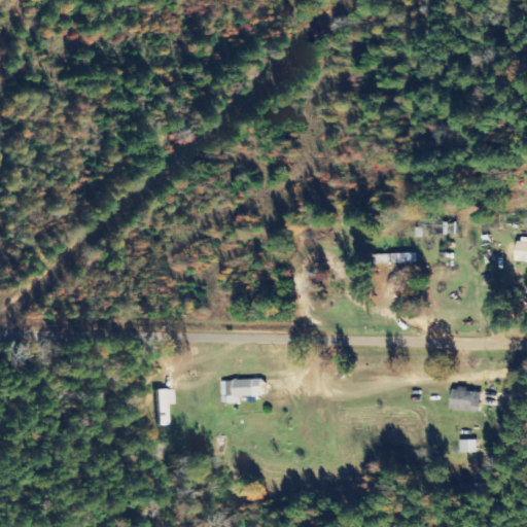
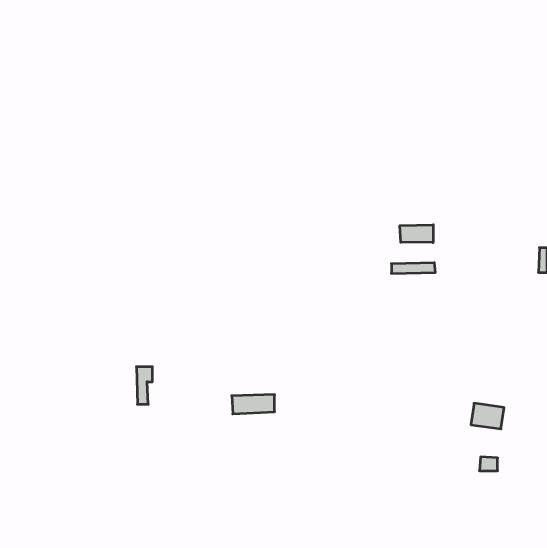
building: none -> [400,225,433,243]
building: [156,389,172,425] -> [136,367,152,404]

